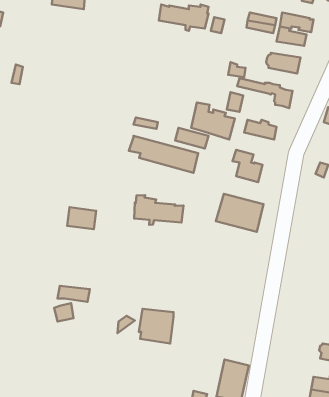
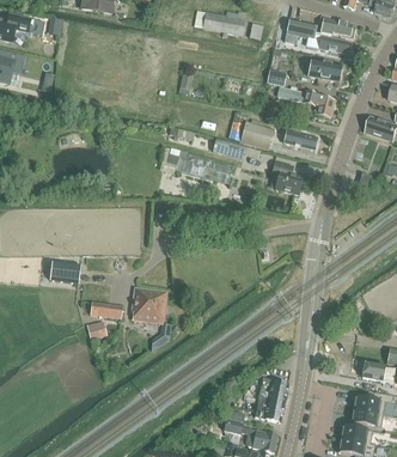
building: [216,194,264,232] -> none
building: [134,195,183,225] -> none
building: [67,207,96,229] -> [50,260,80,282]
building: [139,309,174,343] -> [130,287,166,323]

